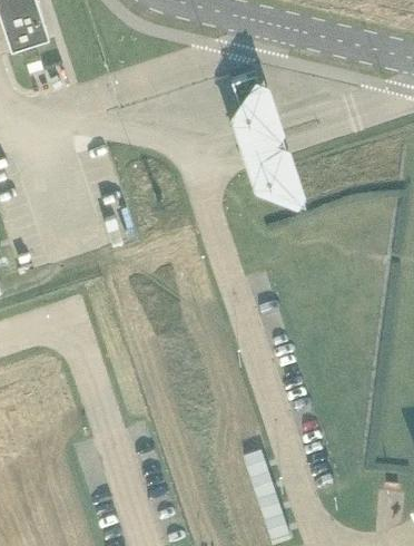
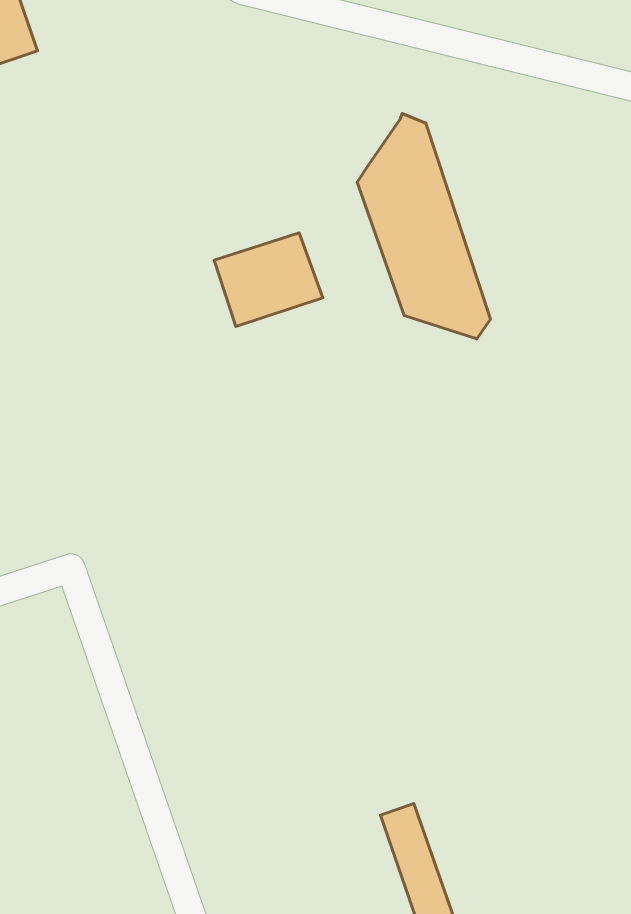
building: none -> [214,233,323,326]

